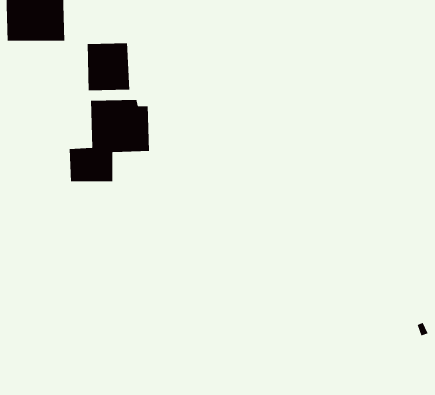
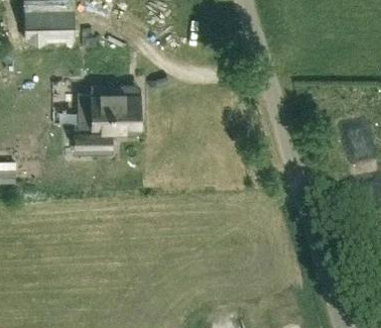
building: [87,42,130,91] -> none

